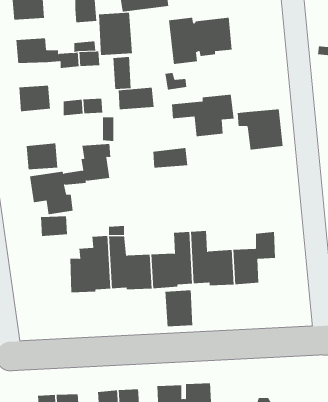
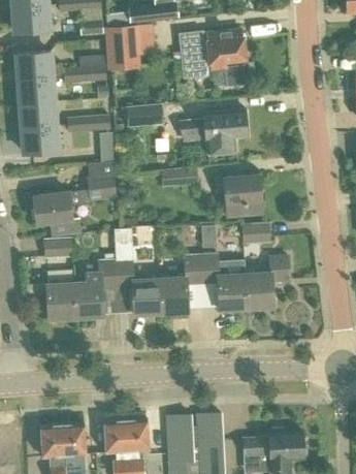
building: [113,56,131,90] -> none
building: none -> [20,76,53,102]
building: [237,109,283,150] -> [214,173,262,217]
building: [26,143,58,170] -> [23,125,57,153]
building: none -> [241,222,270,244]
building: none -> [46,281,75,318]
building: [165,290,193,327] -> none

